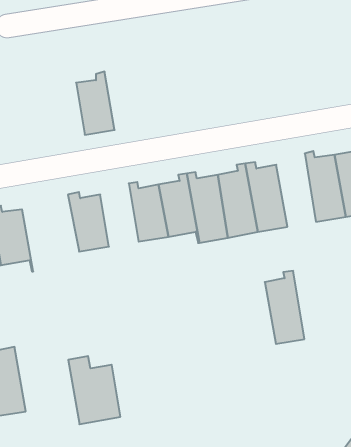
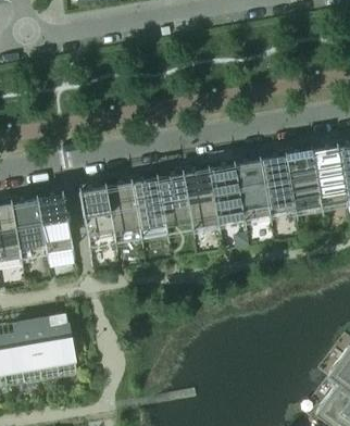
building: [76,72,115,135] -> [105,177,139,233]
building: none -> [37,189,73,254]
building: [265,271,304,344] -> [260,151,295,215]
building: [68,356,120,424] -> [30,317,76,377]

